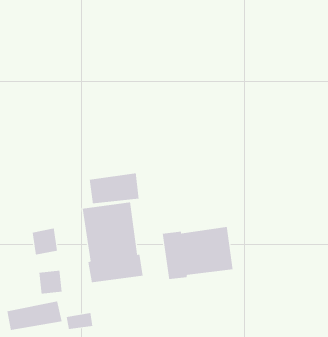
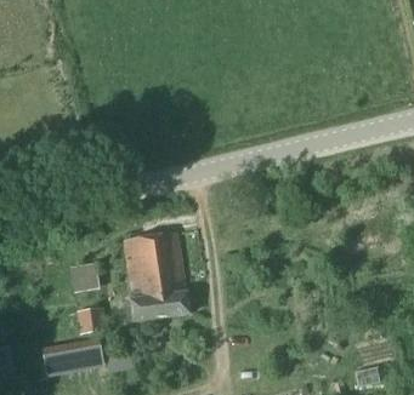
building: [89,172,139,204] -> none
building: [162,226,233,280] -> none

